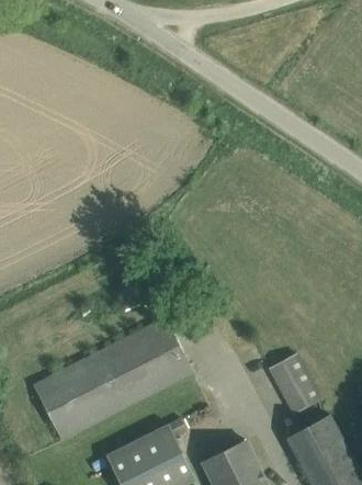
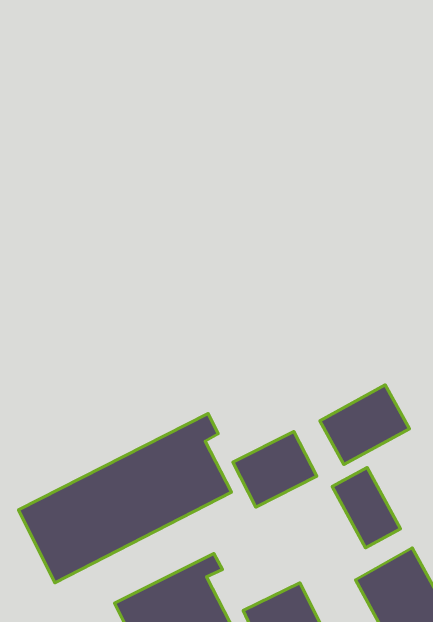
building: none -> [320,385,410,465]
building: none -> [233,431,317,507]

